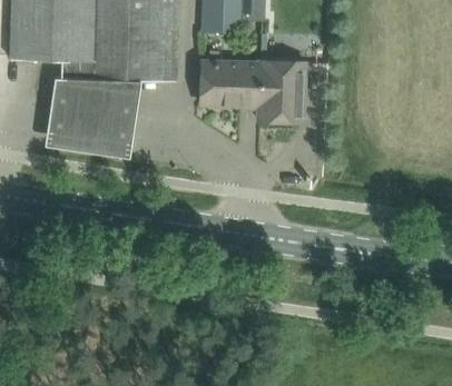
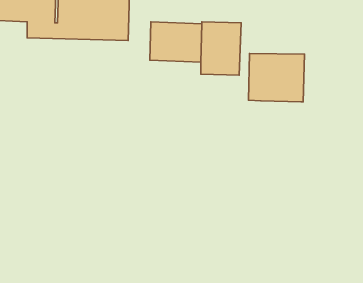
building: [43,85,139,164] -> none
building: none -> [248,54,304,102]

